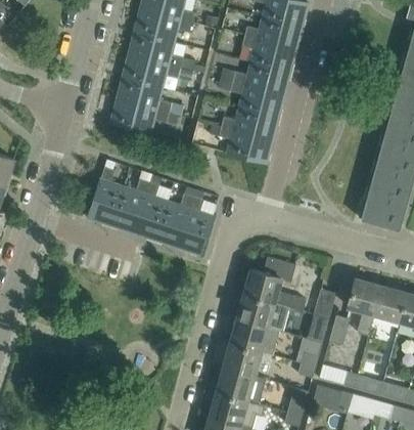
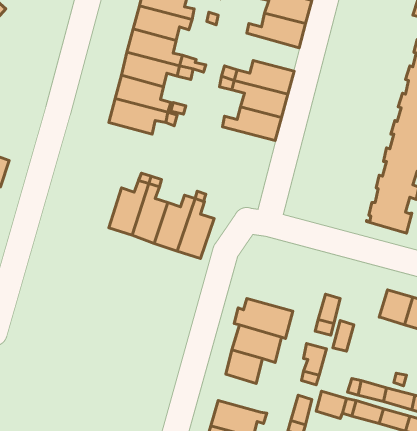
building: [241,36,295,73] -> none
building: [218,127,272,164] -> none
building: [88,167,123,225] -> none
building: [244,257,306,310] -> none
building: [349,278,381,335] -> none
building: [217,368,265,404] -> none

